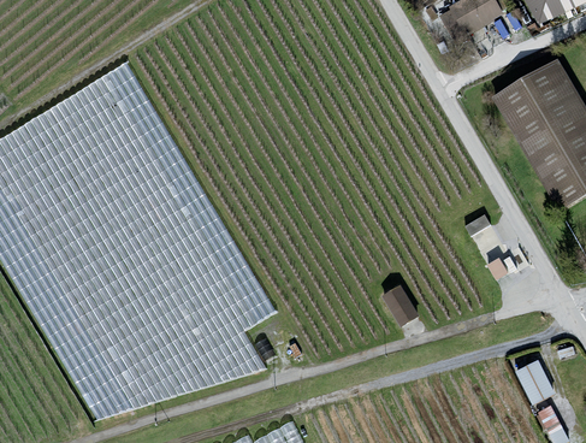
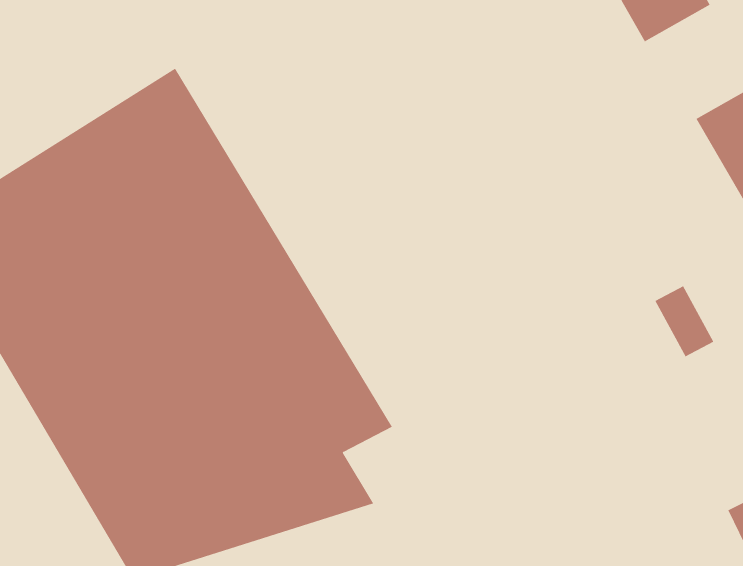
building: [383,287,418,327] -> none

